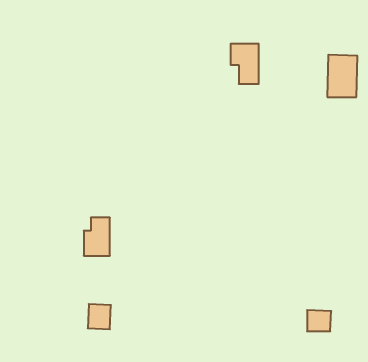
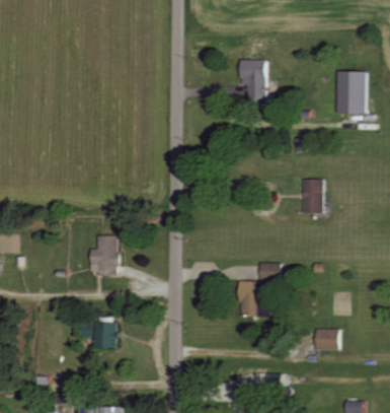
building: none -> [302,179,321,212]
building: none -> [238,263,278,315]

